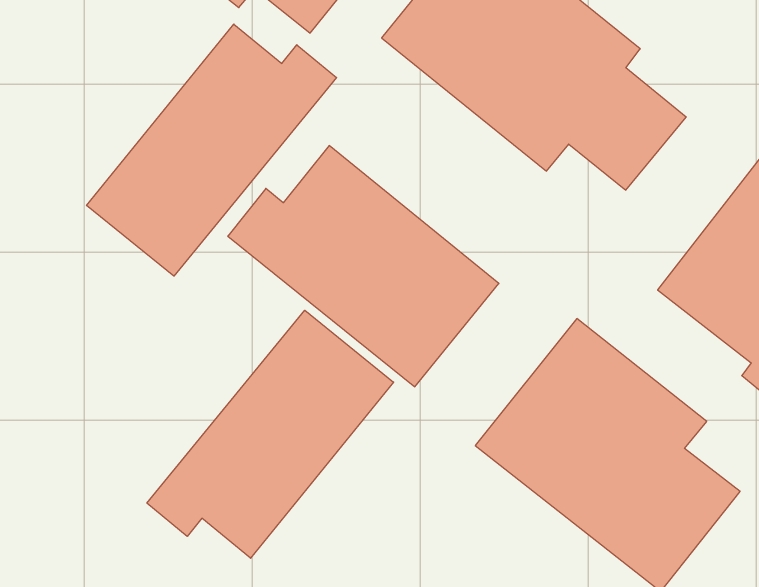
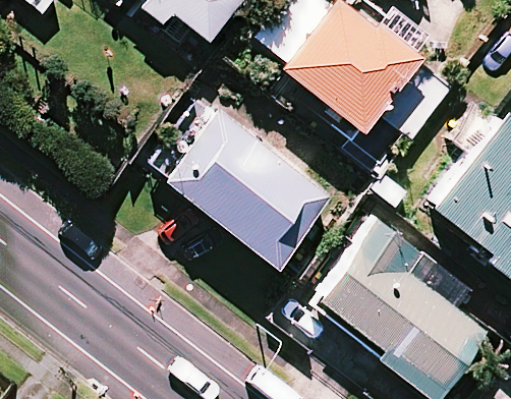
building: [87,24,337,276] -> none
building: [147,310,394,558] -> none

